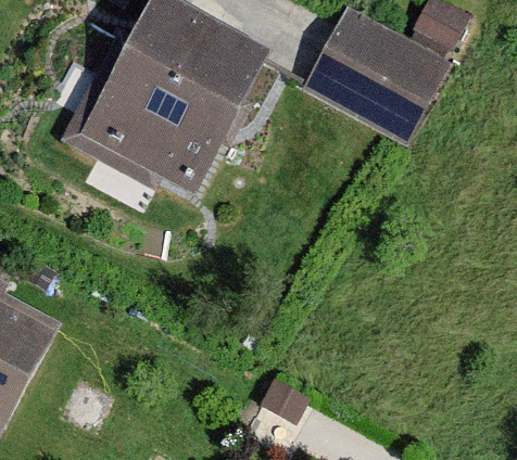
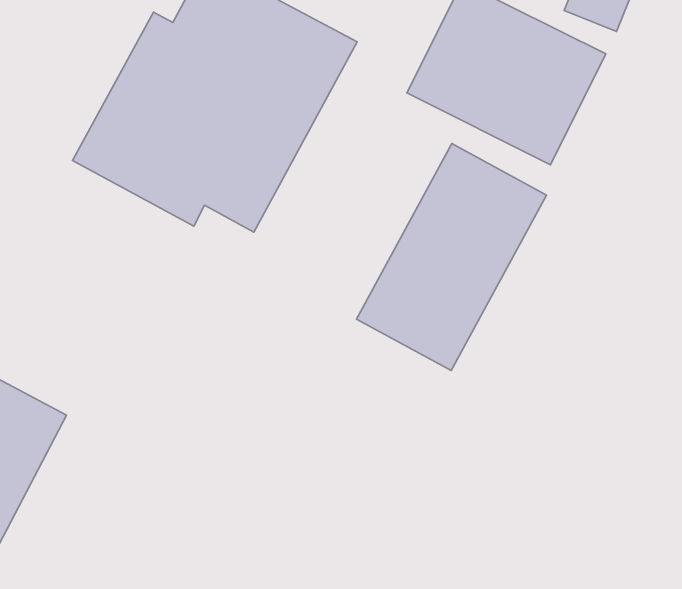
building: none -> [356,144,547,371]

